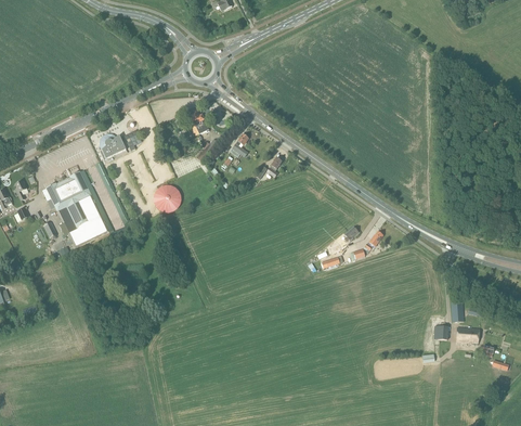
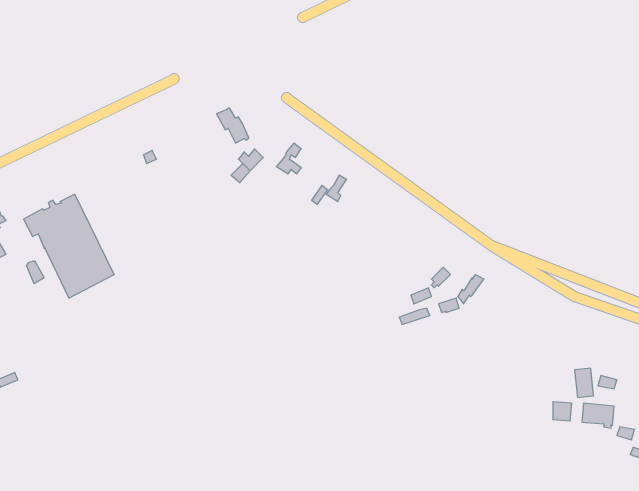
building: [100,132,126,159] -> none
building: [154,184,181,212] -> none

